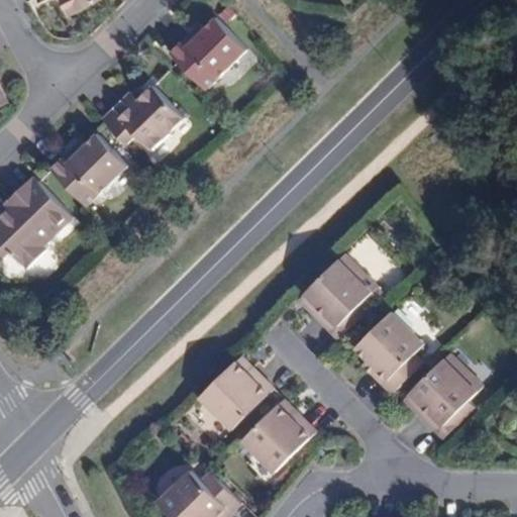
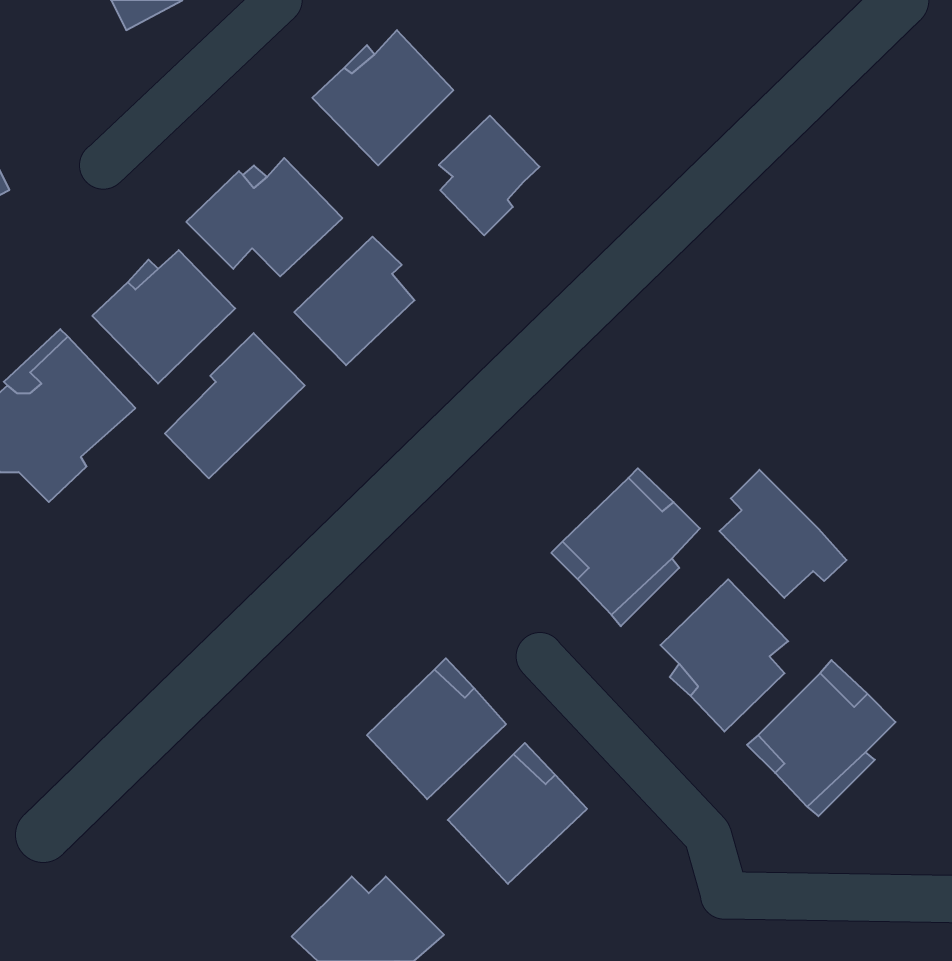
building: none -> [439,116,540,235]
building: none -> [294,237,415,365]
building: none -> [165,333,305,478]
building: none -> [719,470,847,598]

